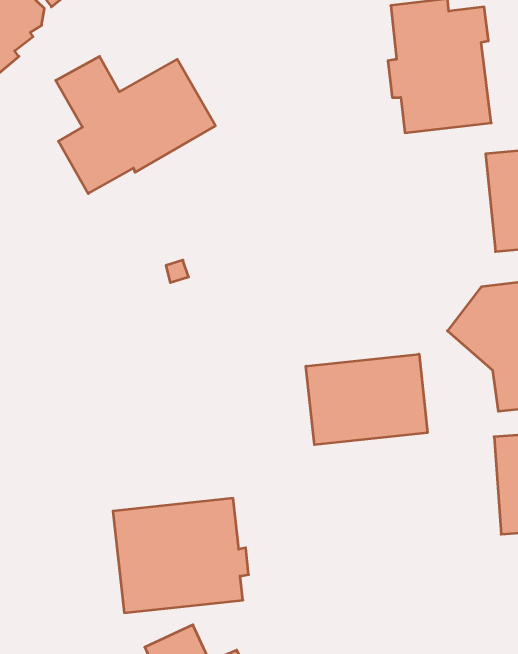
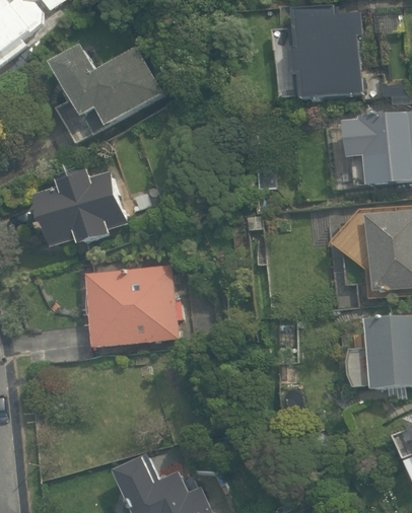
building: none -> [33,169,126,246]
building: [306,354,427,445] -> none
building: [113,498,249,613] -> [84,265,182,347]

